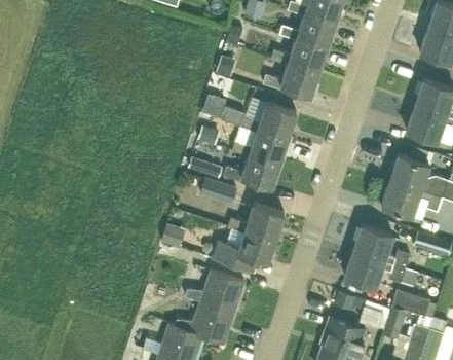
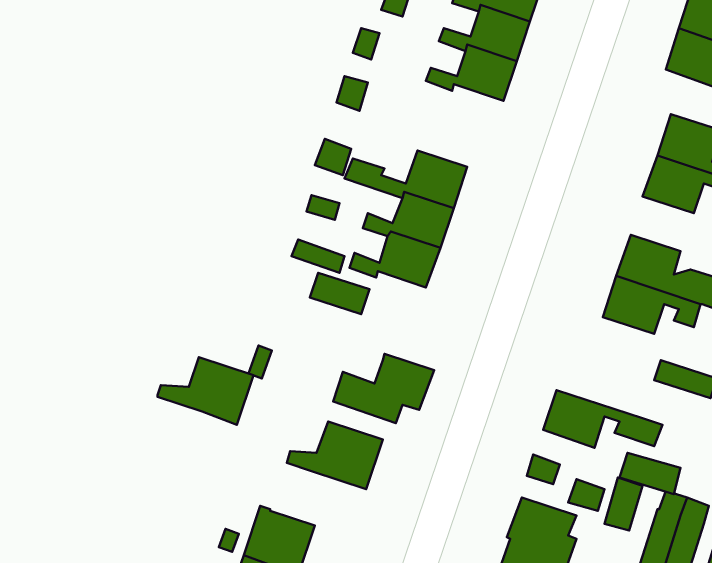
building: [263,62,319,97] -> none
building: [228,204,285,240] -> none
building: [352,226,410,269] -> none
building: [175,302,234,345] -> [157,357,253,425]

